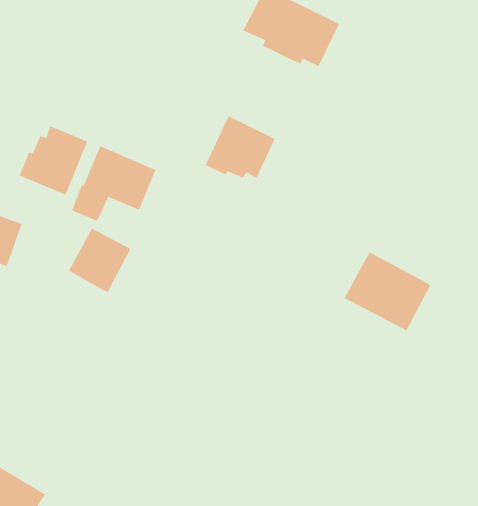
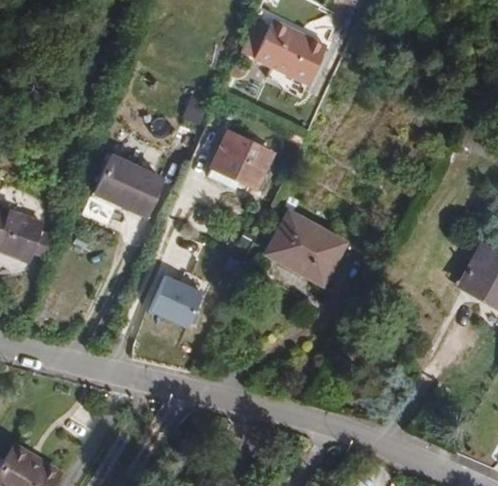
building: [19,125,88,196] -> none
building: [68,228,131,293] -> [147,266,204,325]
building: [344,252,431,331] -> [267,211,346,283]

